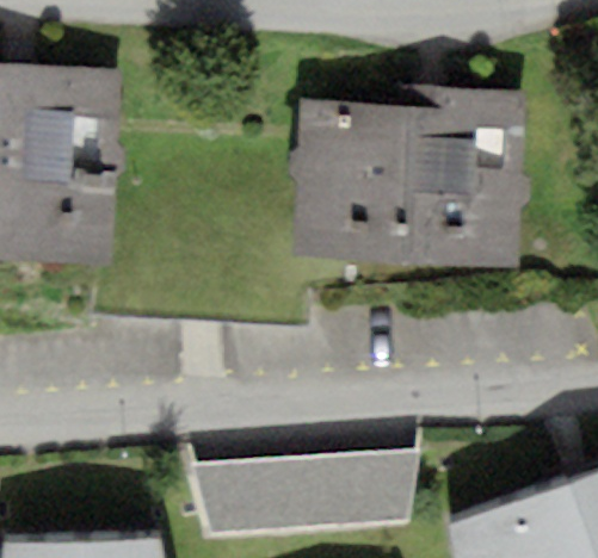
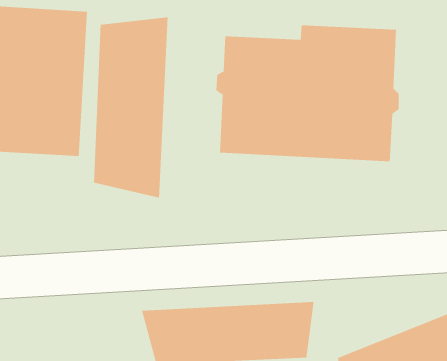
building: none -> [94,17,168,199]

